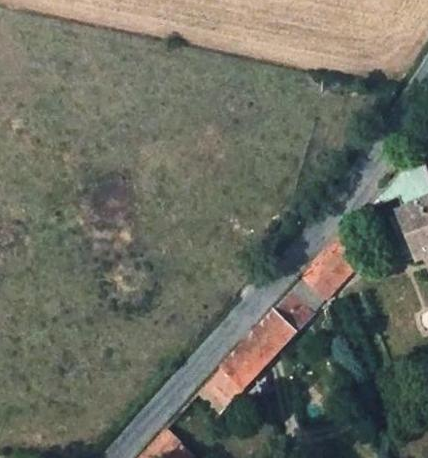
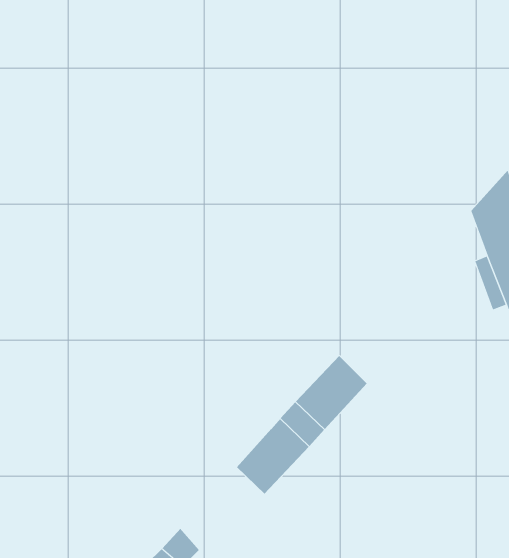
building: [304,239,352,300] -> none

